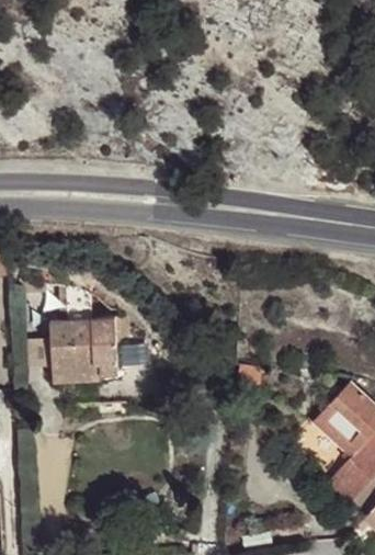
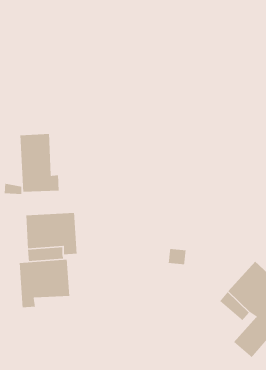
building: none -> [20,133,59,192]
building: none -> [19,259,70,308]

